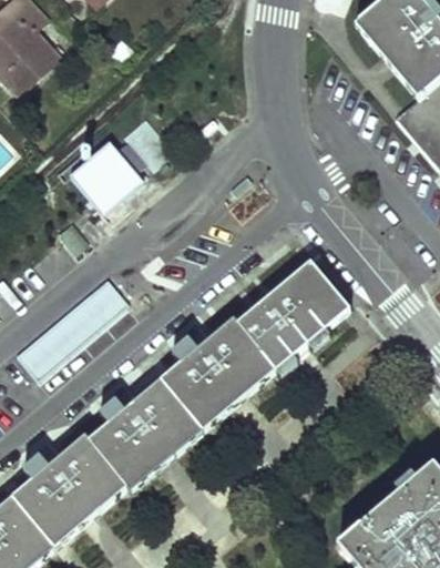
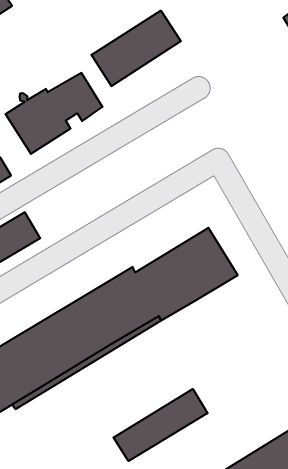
building: none -> [91,11,181,86]
building: none -> [113,389,208,461]

